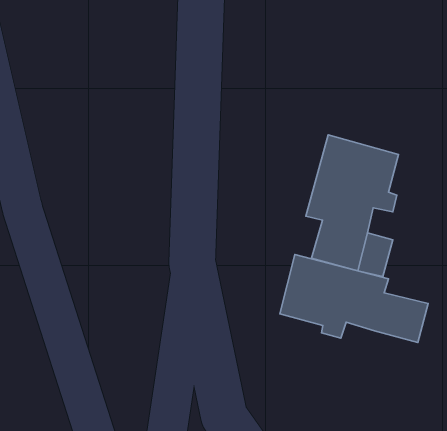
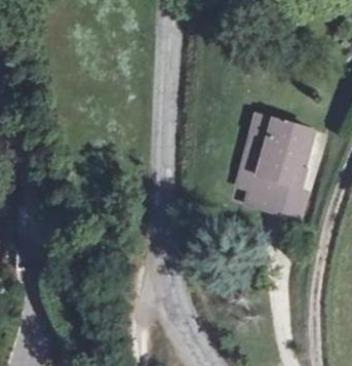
building: [280,254,428,342] -> none

